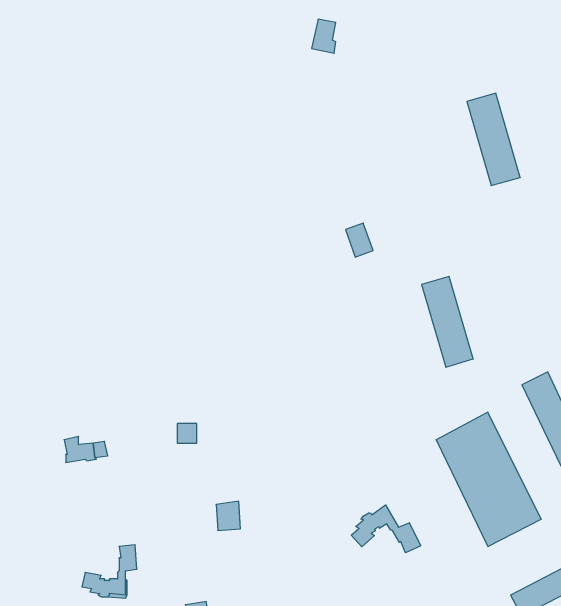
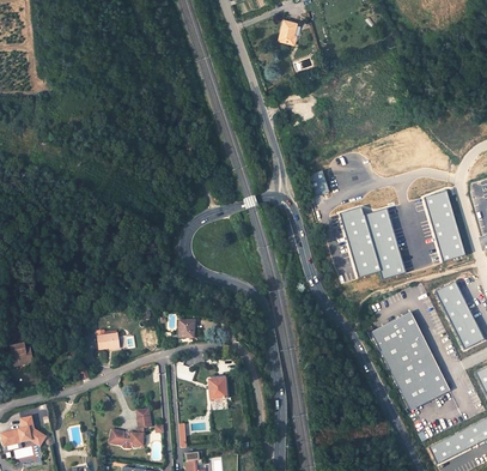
building: [467,93,520,186] -> [420,192,459,260]
building: none -> [337,207,377,278]
building: [351,505,421,553] -> none

